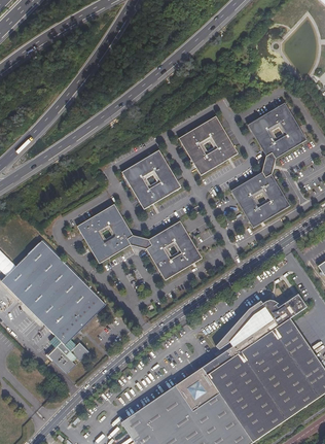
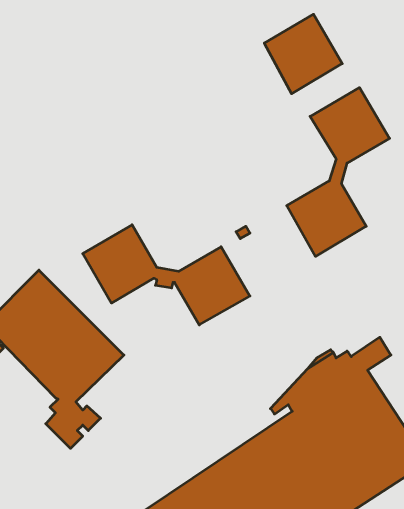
building: [179,115,238,175] -> [264,14,342,94]
building: [121,149,180,209] -> none

